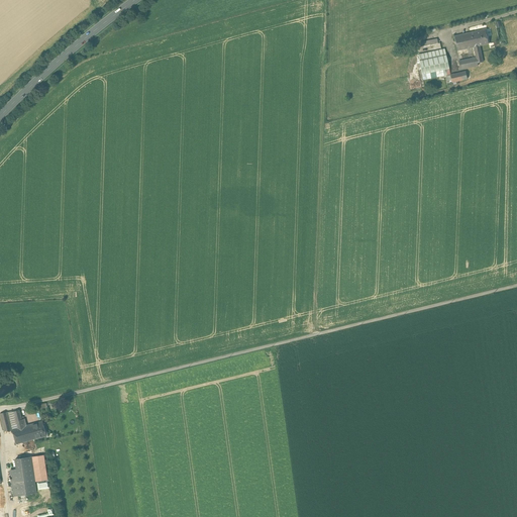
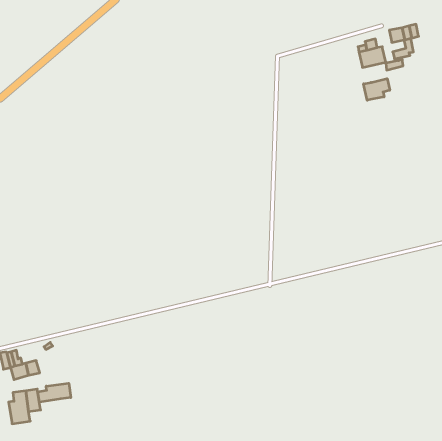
building: none -> [364,79,390,100]
building: none -> [38,383,71,402]

